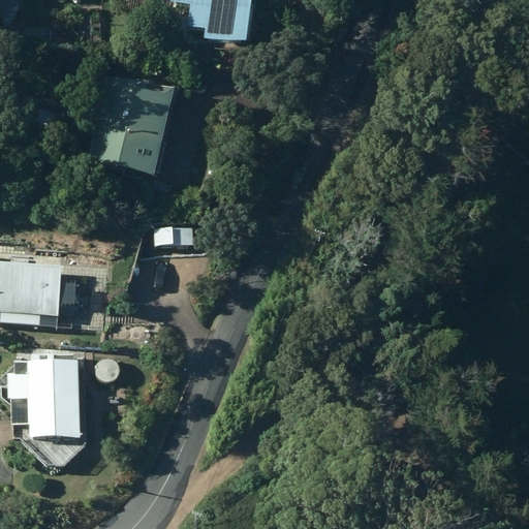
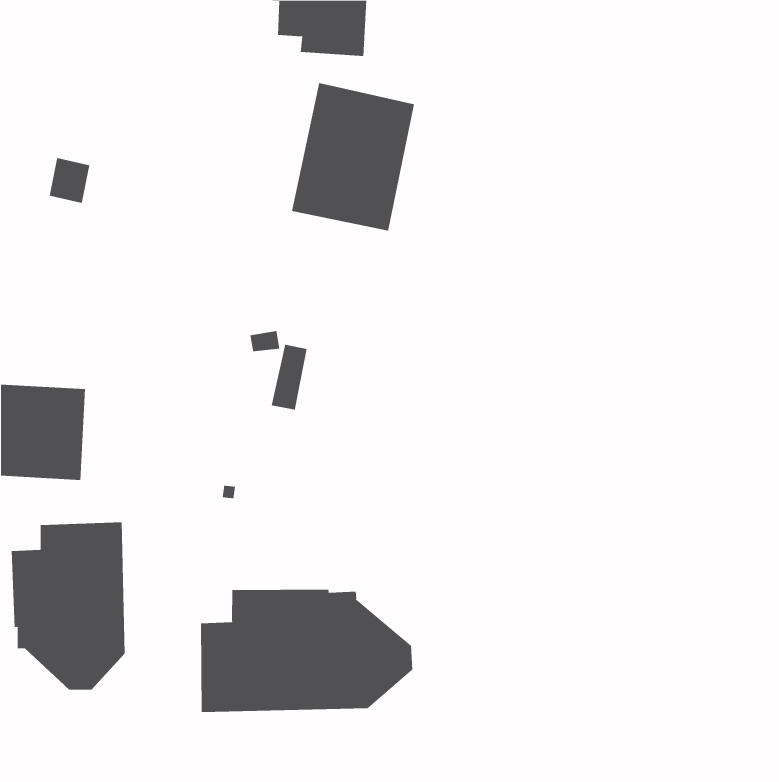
building: [89,73,173,174] -> [291,83,415,231]
building: none -> [201,589,413,713]

